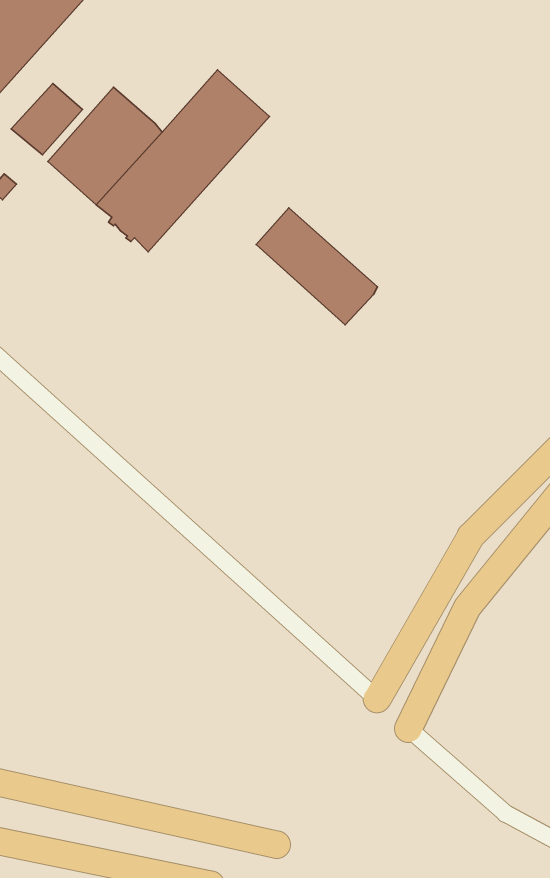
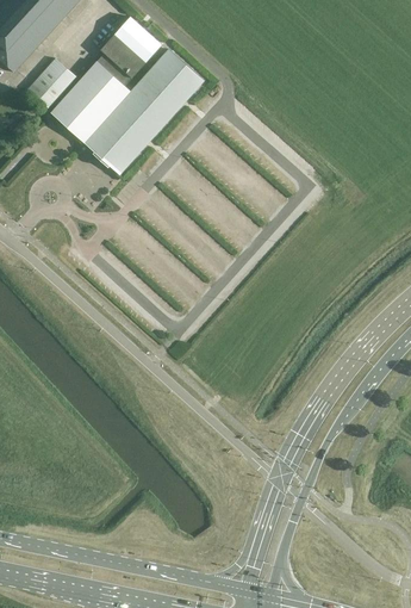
building: none -> [96,17,162,86]
building: [256,208,377,325] -> none

